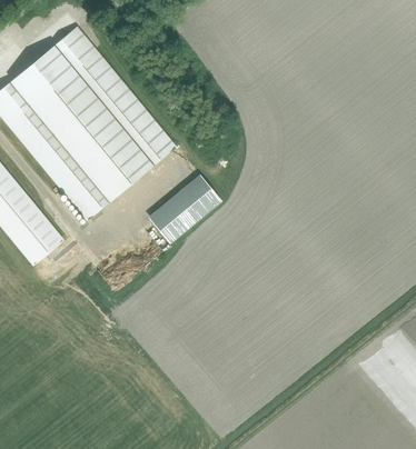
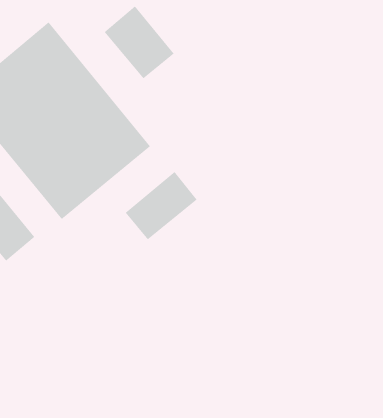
building: none -> [104,6,174,79]

